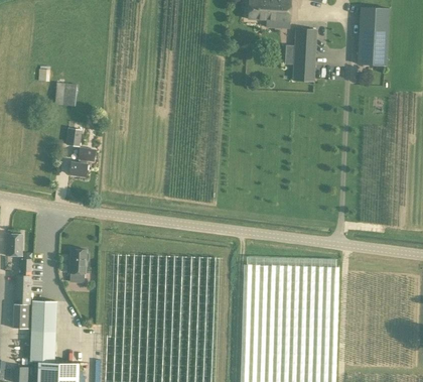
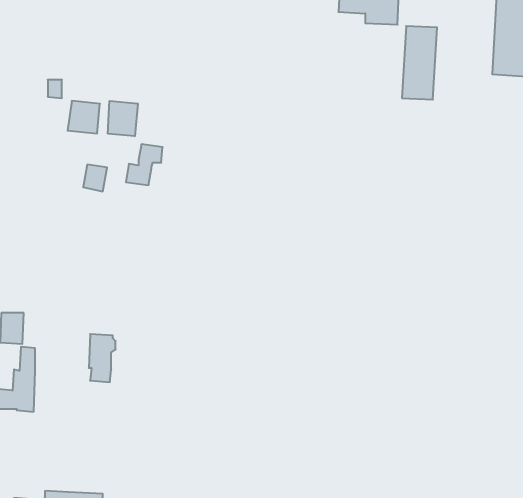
building: none -> [108,101,138,136]
building: [68,147,95,176] -> [126,144,163,185]
building: [30,301,55,362] -> none

